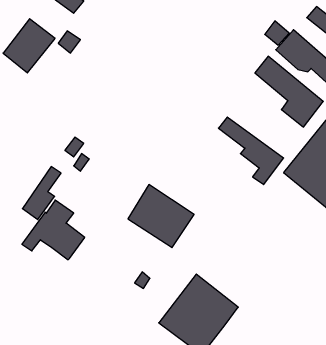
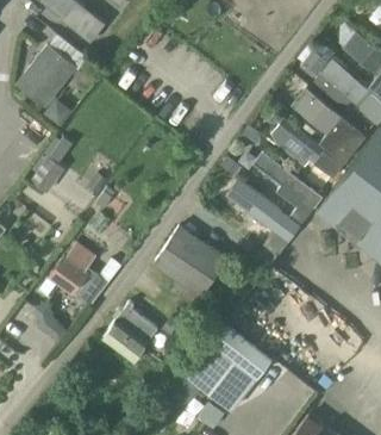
building: none -> [276,123,343,179]
building: none -> [226,180,300,242]
building: [22,167,61,220] -> [29,138,70,195]
building: none -> [100,303,156,363]

